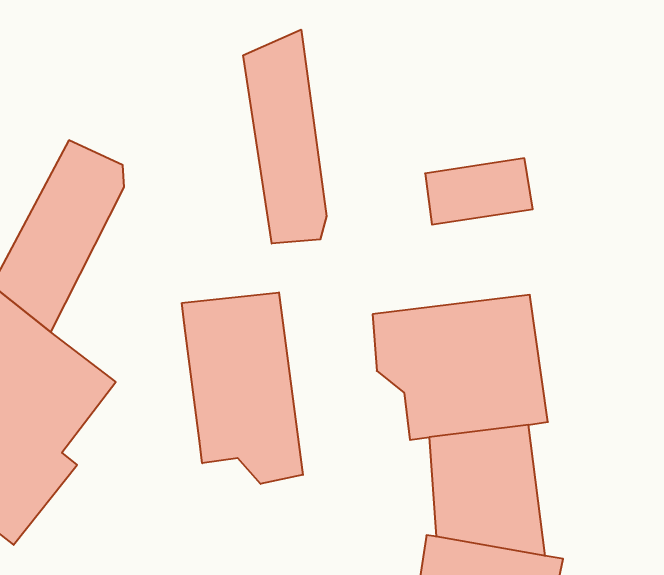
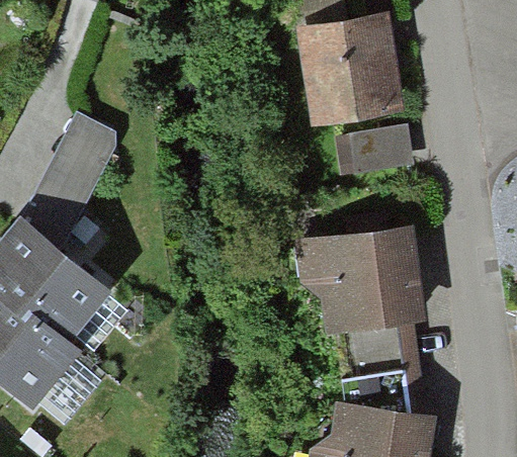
building: none -> [298,15,403,124]
building: [243,30,326,244] -> none
building: [182,292,303,484] -> none

